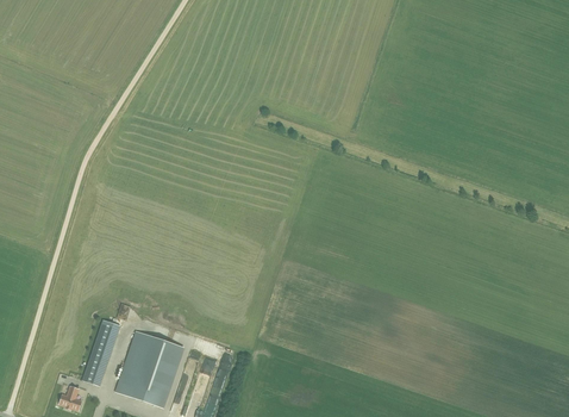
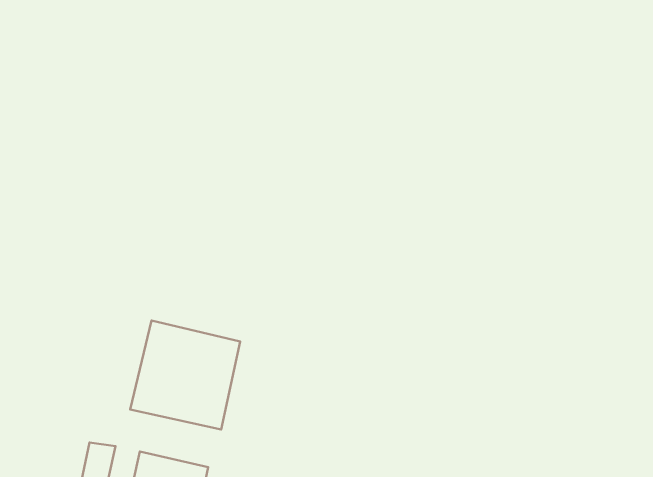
building: none -> [130,320,240,430]

